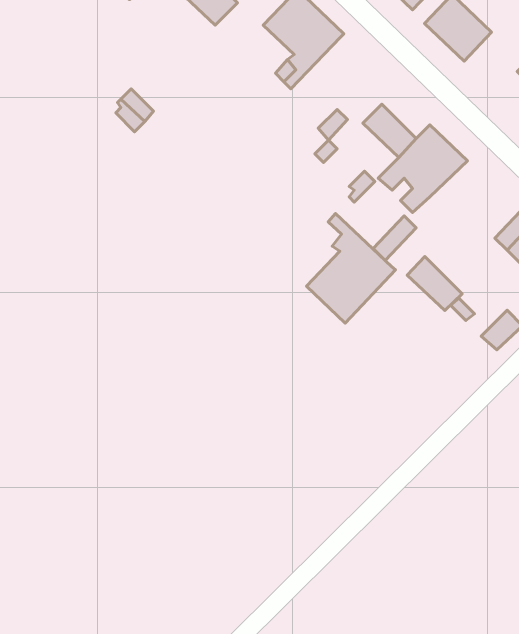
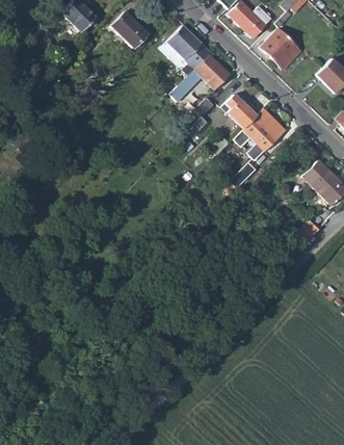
building: none -> [170,54,229,100]
building: [306,214,395,323] -> none
building: [407,257,462,311] -> none

